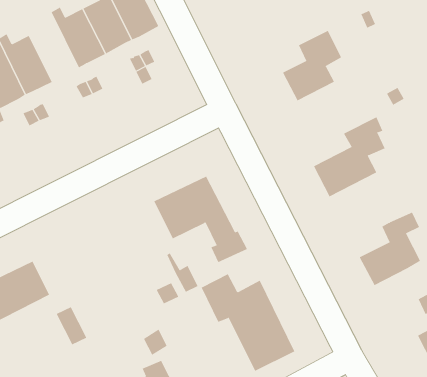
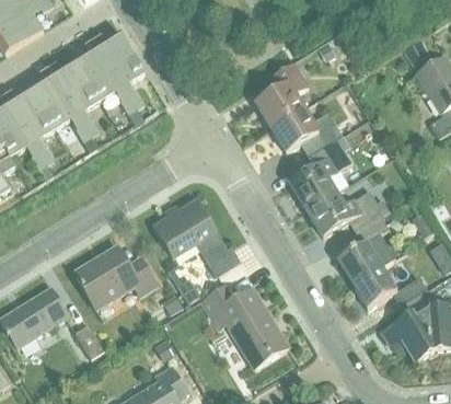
building: none -> [31,67,77,128]
building: none -> [271,107,343,152]
building: none -> [307,189,389,235]
building: none -> [73,247,157,309]
building: none -> [352,266,395,308]

